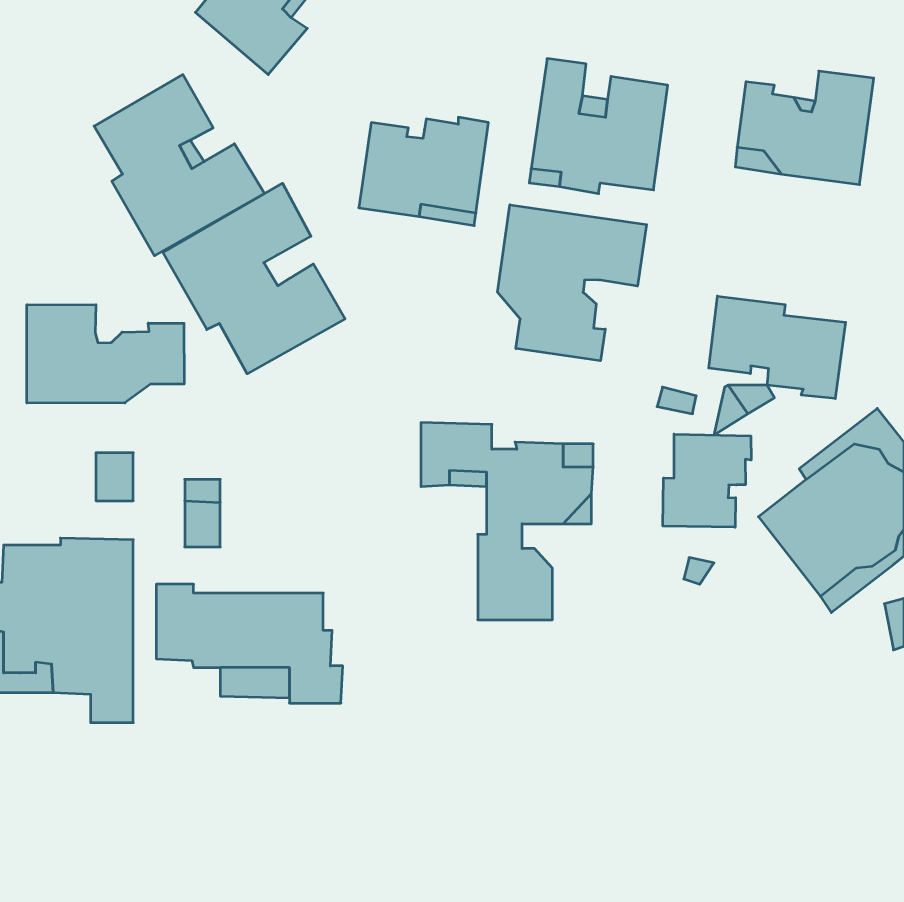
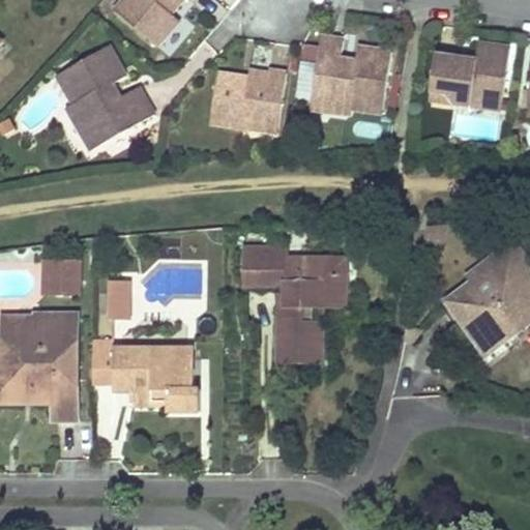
building: [163,183,345,374] -> none
building: [498,205,647,361] -> none
building: [709,296,846,399] -> none
building: [27,305,184,403] -> none
building: [663,434,751,527] -> none

